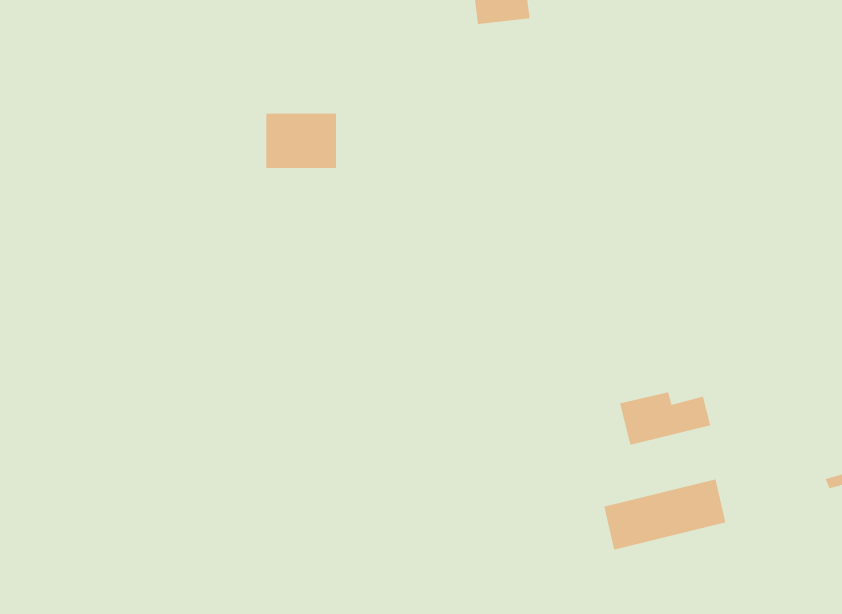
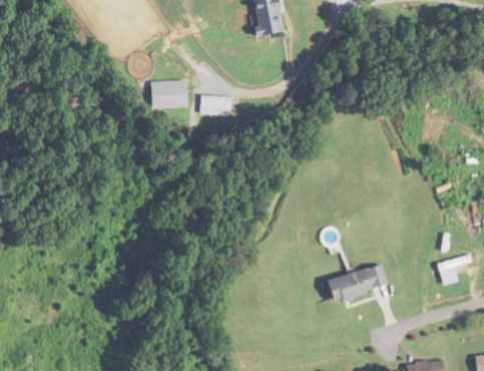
building: none -> [202,96,231,114]
building: [620,391,711,445] -> none

